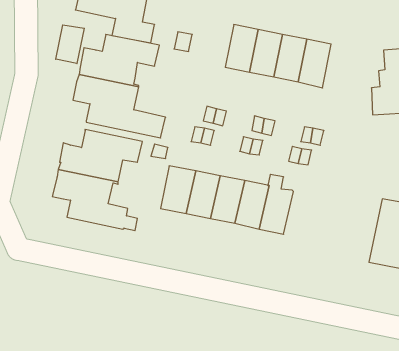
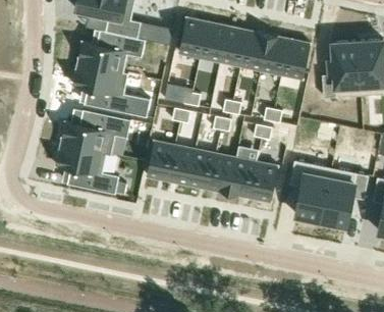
building: none -> [178,17,207,58]
building: [56,25,84,64] -> none
building: none -> [281,39,310,80]
building: none -> [288,160,331,221]
building: none -> [249,162,277,202]

